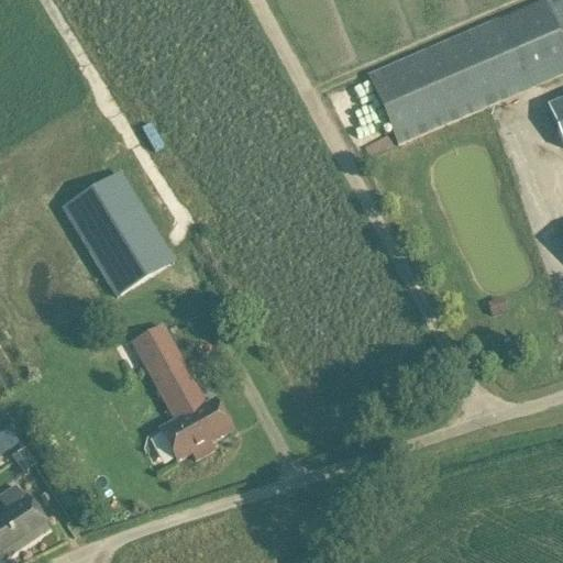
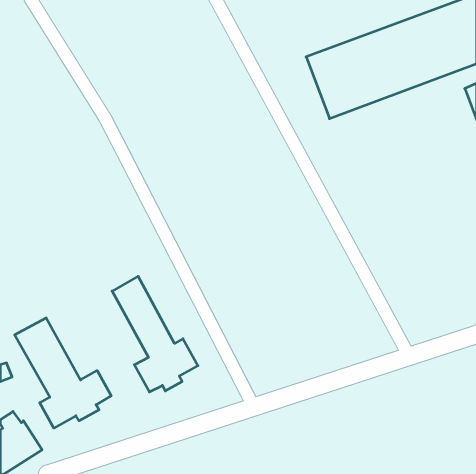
building: [65,173,175,295] -> none
building: none -> [15,318,111,428]

